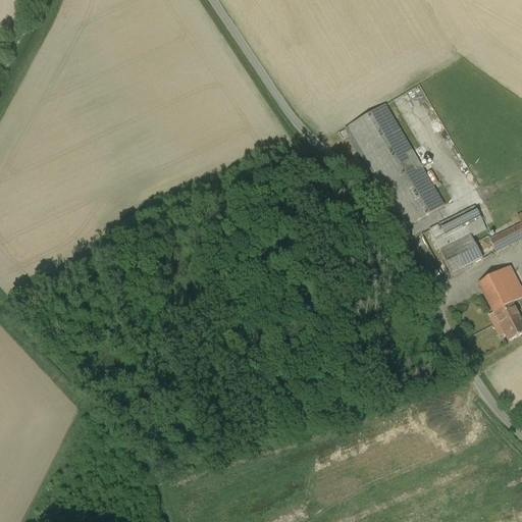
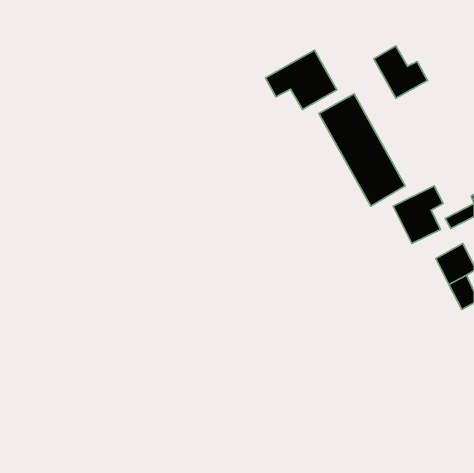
building: none -> [374,46,428,98]
building: none -> [266,50,337,109]

